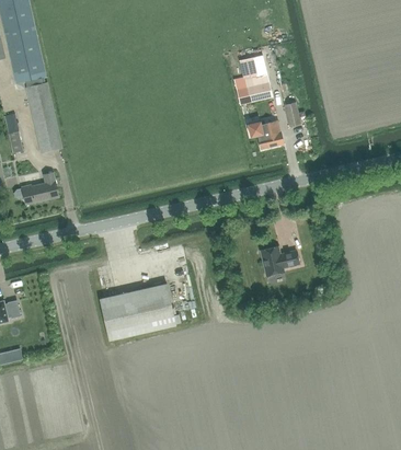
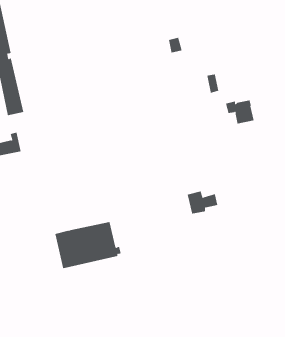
building: [244,74,271,100] -> none
building: [247,119,283,149] -> [225,100,255,124]

